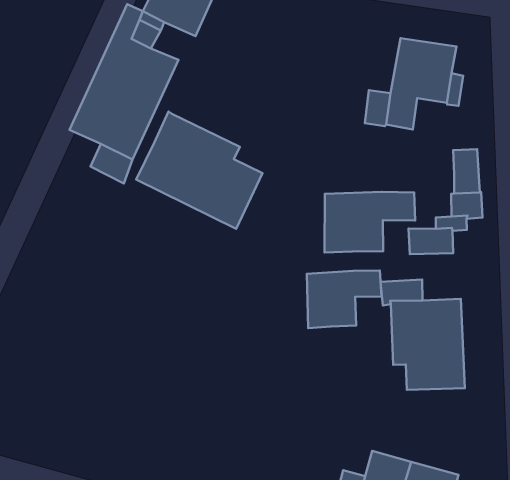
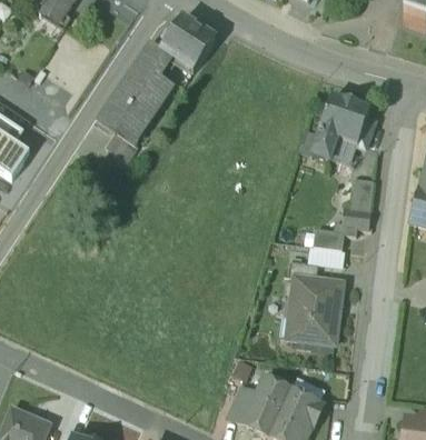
building: [136,112,262,229] -> none
building: [325,192,415,253] -> none
building: [307,271,382,328] -> none

